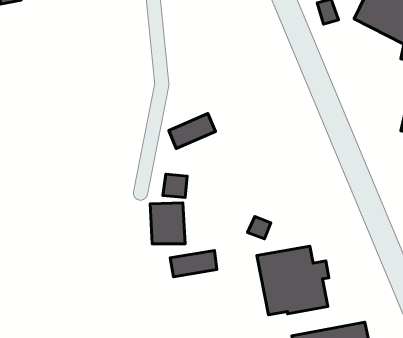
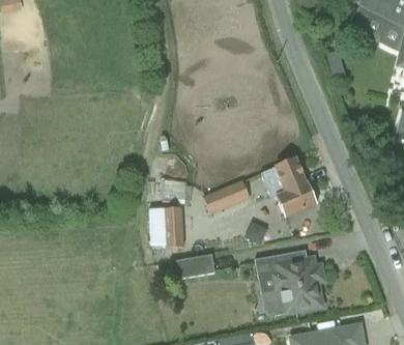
building: [169,114,215,148] -> [205,179,251,213]
building: none -> [262,157,318,217]

